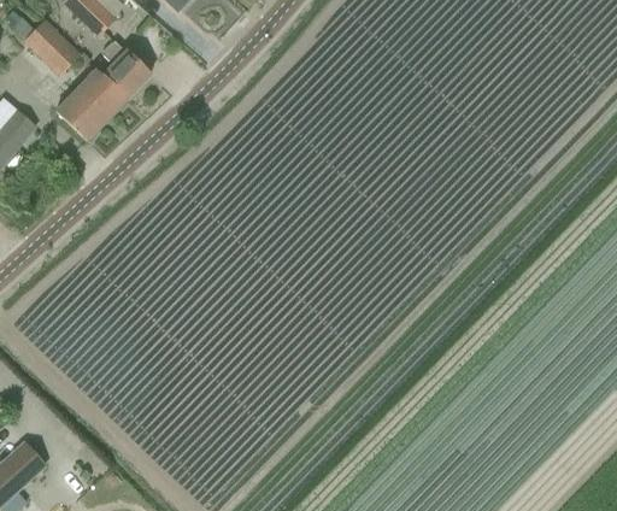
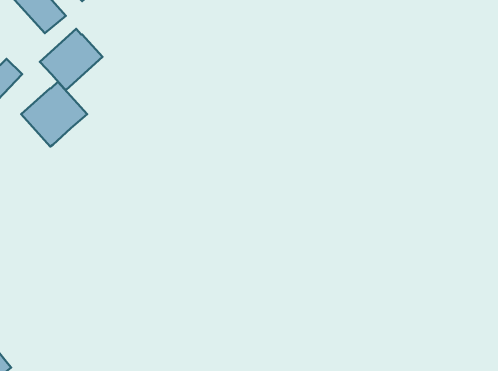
building: [102,41,151,98] -> none
building: none -> [21,82,87,146]

